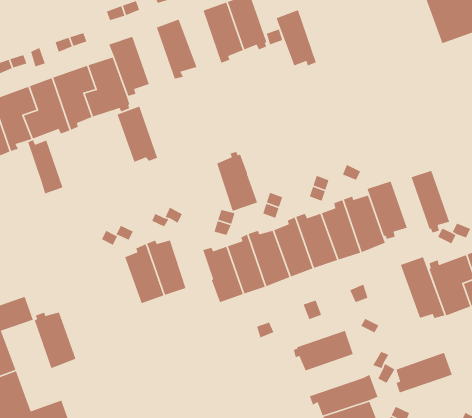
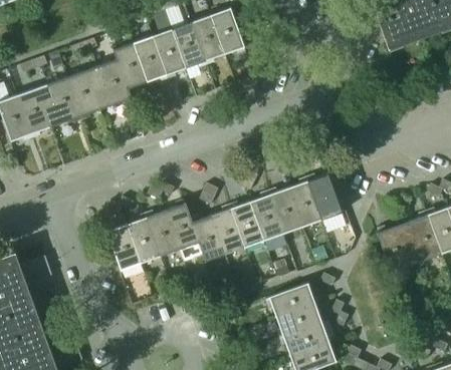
building: [275,9,317,67] -> [172,21,206,68]
building: [117,106,158,163] -> [134,35,168,82]
building: [27,139,64,195] -> none
building: [216,151,258,212] -> [165,200,199,250]
building: [411,170,450,233] -> none
building: [367,180,408,240] -> none
building: [400,256,445,319] -> none
building: [34,312,77,369] -> [105,224,141,271]
building: [395,352,453,393] -> [275,304,322,338]

